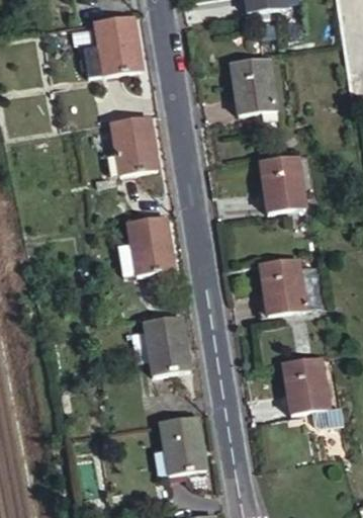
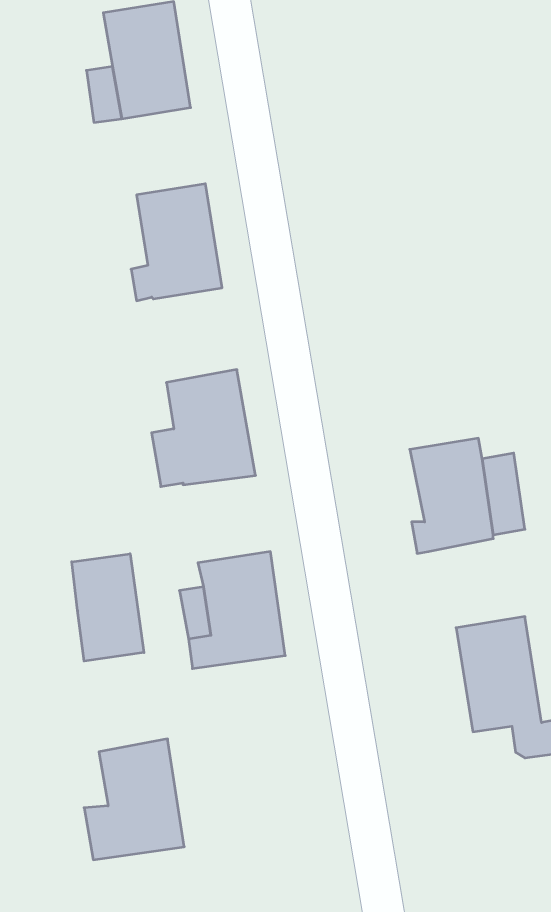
building: [226,51,273,112] -> none
building: [258,150,304,210] -> none
building: none -> [72,554,144,661]
building: [154,415,208,481] -> [84,739,184,860]

